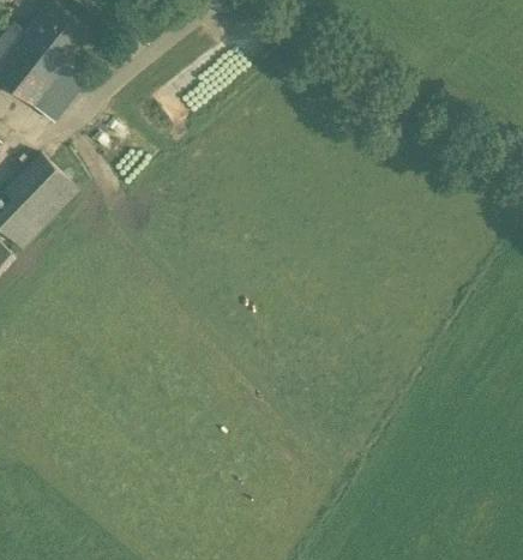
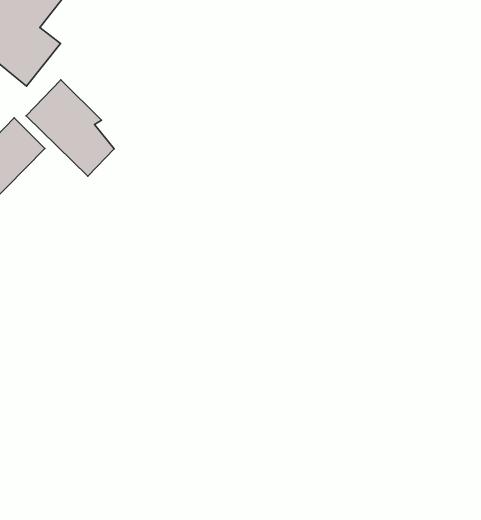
building: none -> [26,80,114,176]

